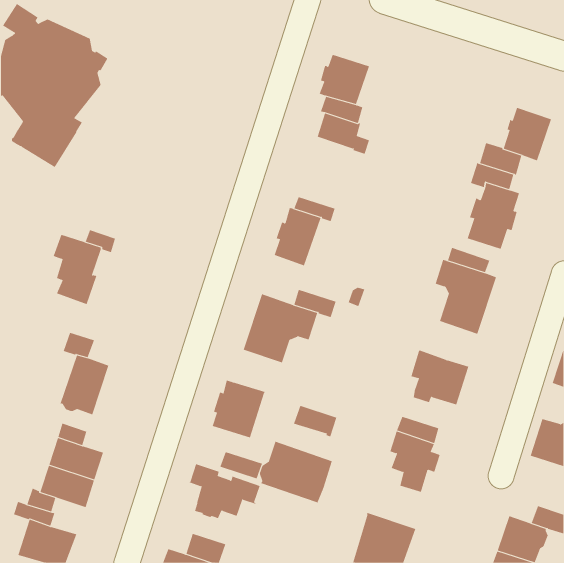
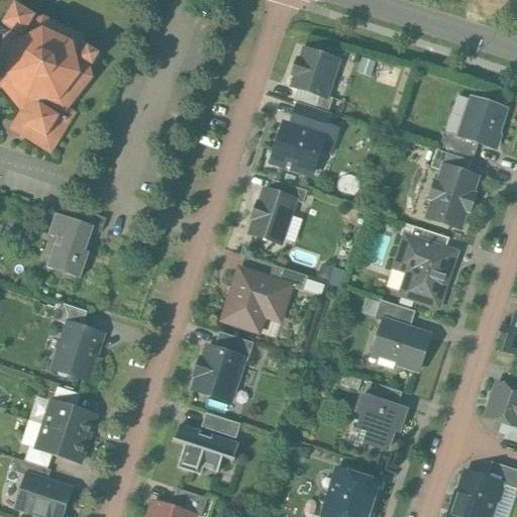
building: none -> [272,124,323,175]
building: none -> [374,300,415,329]
building: [293,405,337,437] -> [213,332,253,361]
building: [259,441,333,504] -> none

